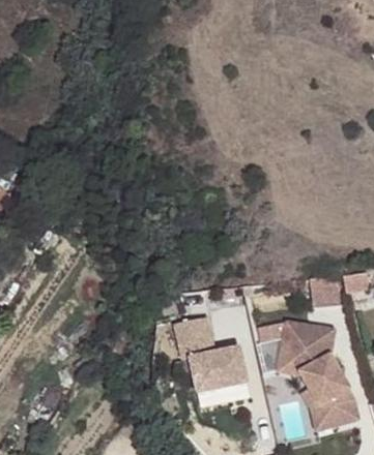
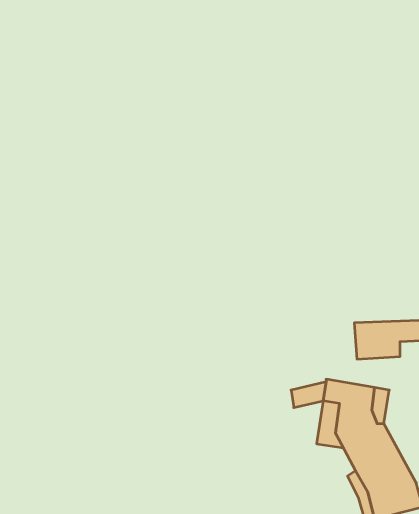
building: [175,318,248,395] -> none

